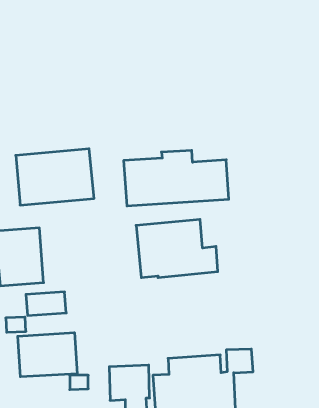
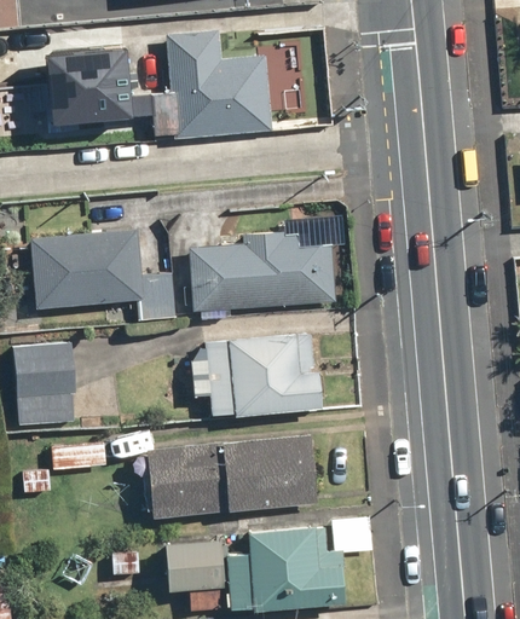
building: none -> [164,29,271,138]
building: none -> [47,42,134,129]
building: none -> [148,434,318,521]
building: [18,333,77,377] -> none

